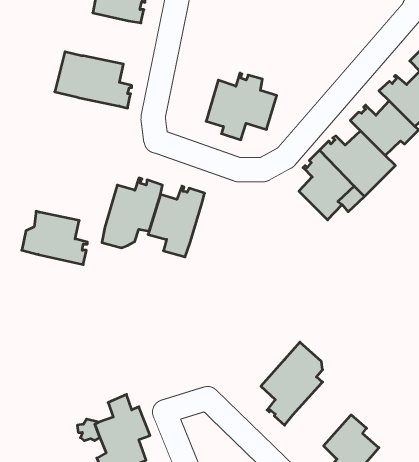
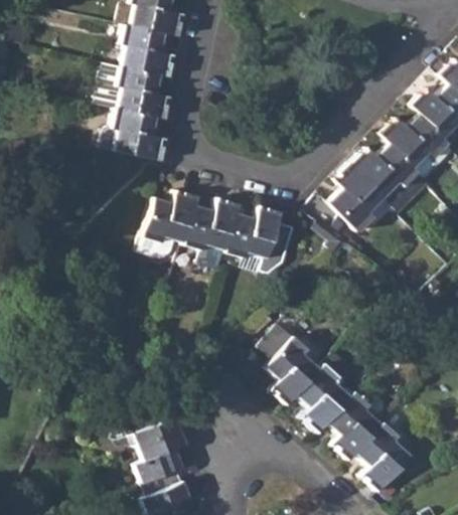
building: none -> [122,26,174,79]
building: [206,73,277,140] -> [226,205,296,271]
building: [22,211,87,265] -> [101,110,165,162]
building: none -> [260,323,319,403]
building: none -> [327,390,384,460]

